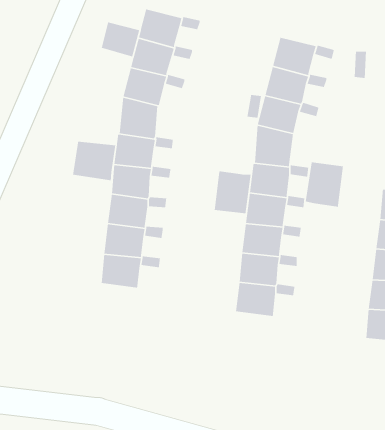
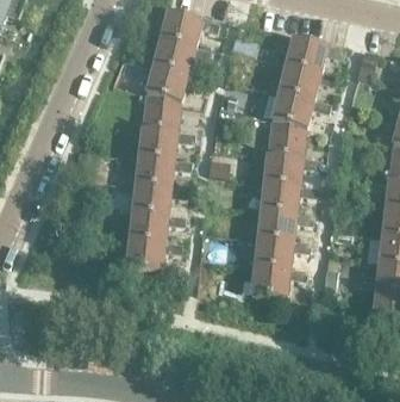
building: [101,21,140,58] -> none
building: [72,141,116,181] -> none
building: [305,161,344,208] -> none
building: [214,171,251,214] -> none

